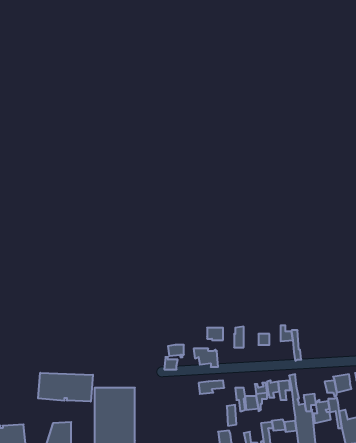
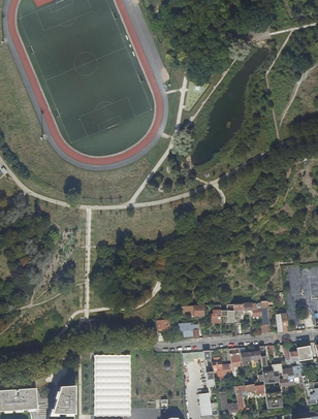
building: [38,373,93,402] -> none

